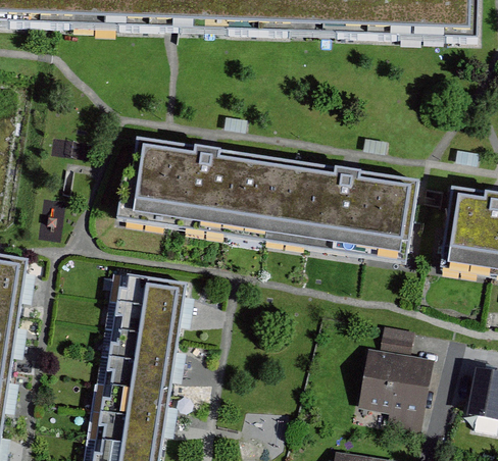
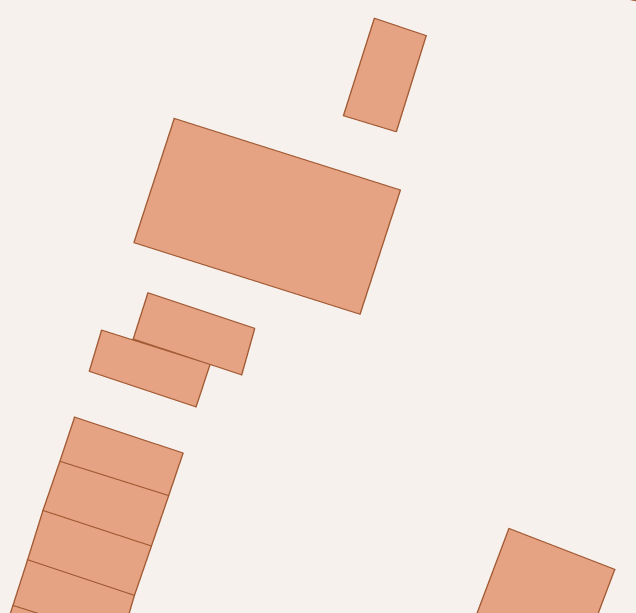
building: none -> [344,18,426,132]
building: [265,158,411,252] -> none
building: [112,291,181,328] -> [133,293,255,375]

